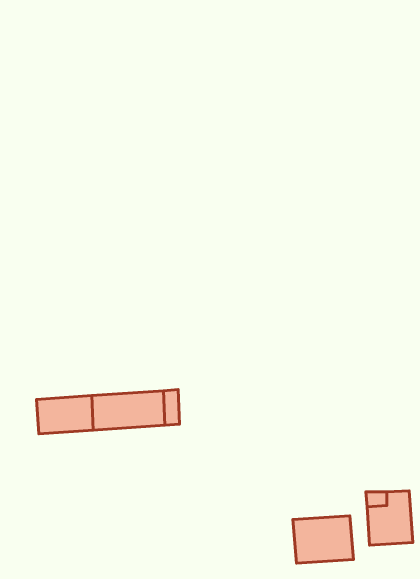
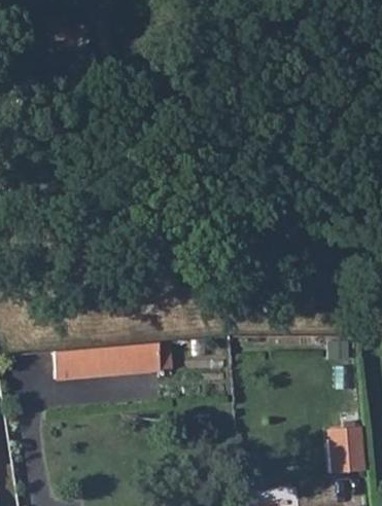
building: [293,516,354,563] -> none

